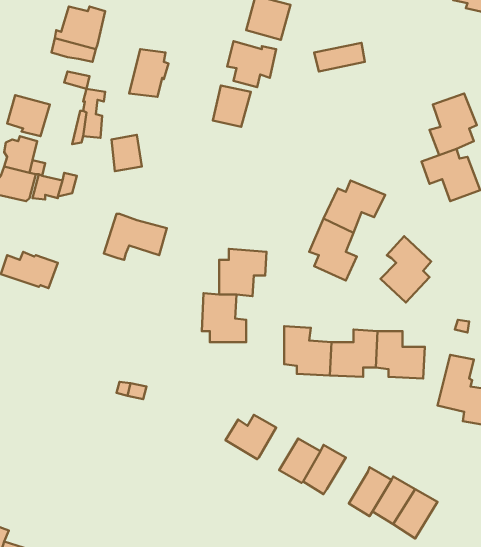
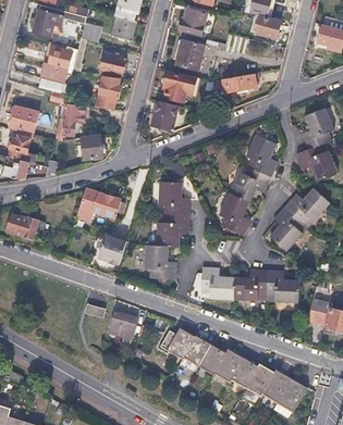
building: none -> [98,52,125,76]
building: none -> [244,134,277,176]
building: none -> [157,182,188,215]
building: none -> [283,187,330,222]
building: none -> [97,233,125,265]
building: none -> [109,311,137,339]
building: none -> [183,335,210,365]
building: none -> [230,357,258,388]

